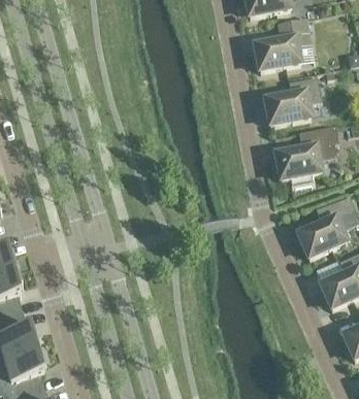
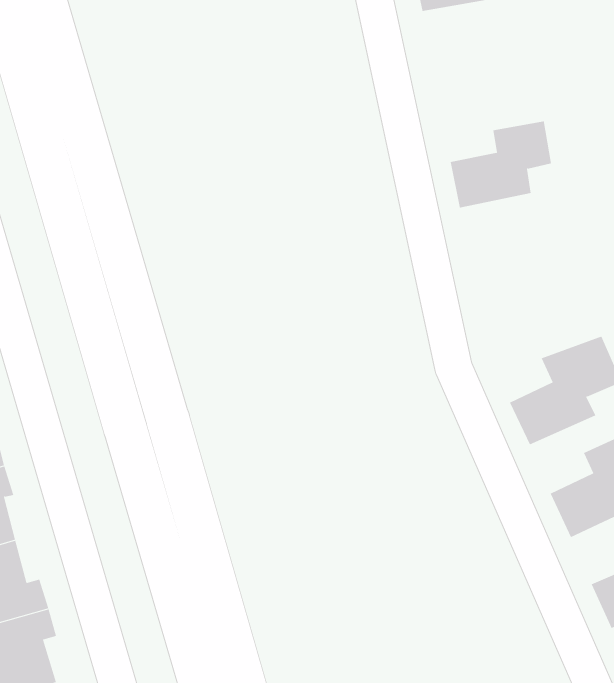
building: [254,19,311,71] -> none
building: [274,126,337,188] -> none

